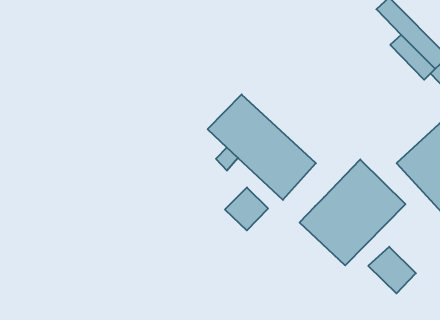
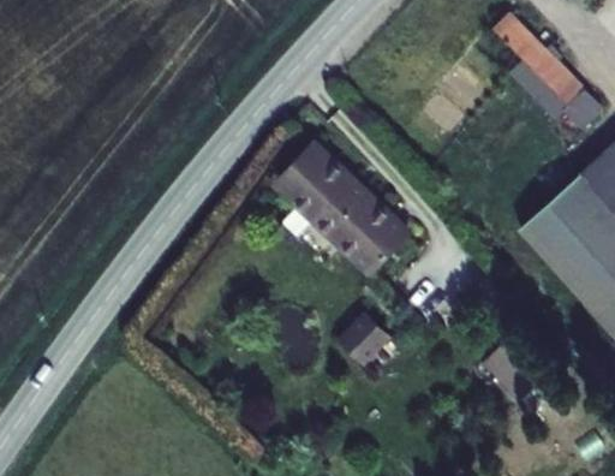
building: [300,159,405,265] -> none
building: [225,187,268,230] -> [338,313,394,369]

